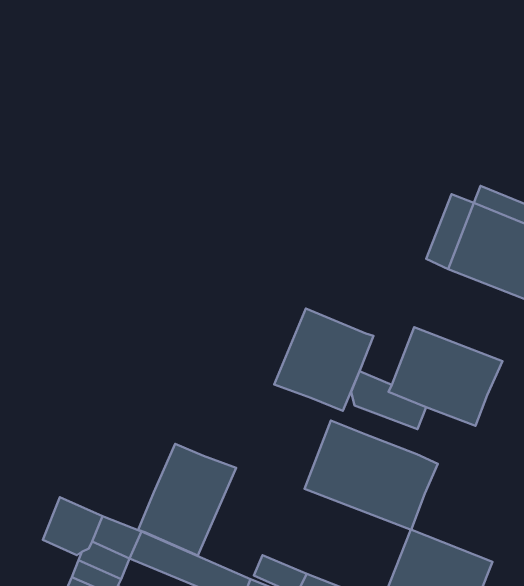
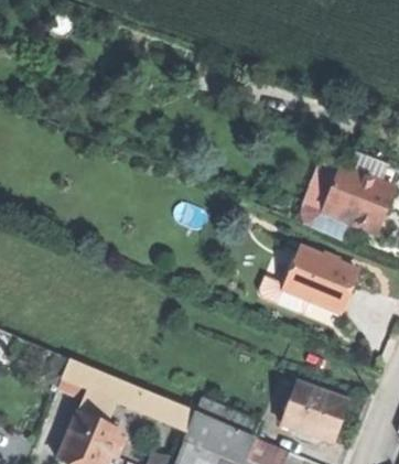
building: [274,308,373,411] -> none
building: [305,420,438,530] -> none
building: [138,444,236,555] -> none

